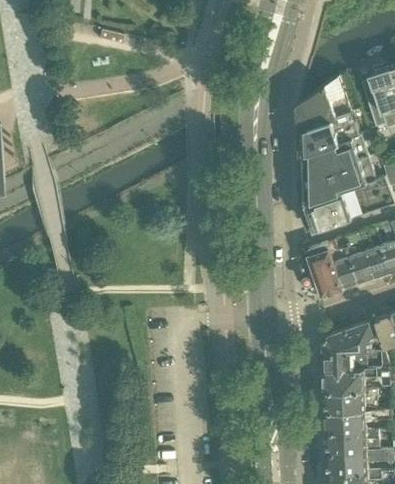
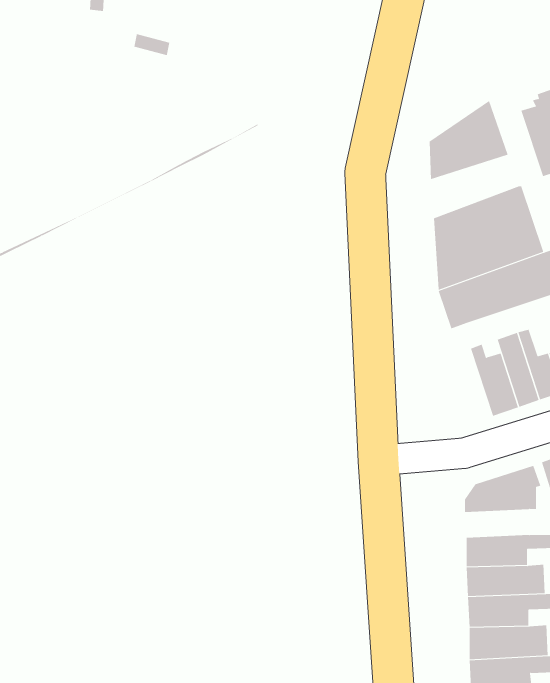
building: [300,115,360,158] -> none
building: [300,246,342,298] -> none
building: [323,355,367,374] -> none

